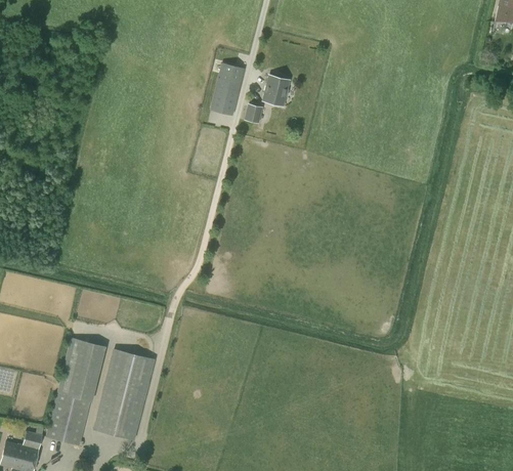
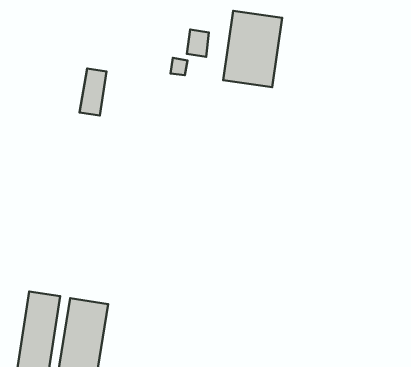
building: none -> [223,11,282,87]
building: [211,63,244,115] -> [80,69,106,116]

